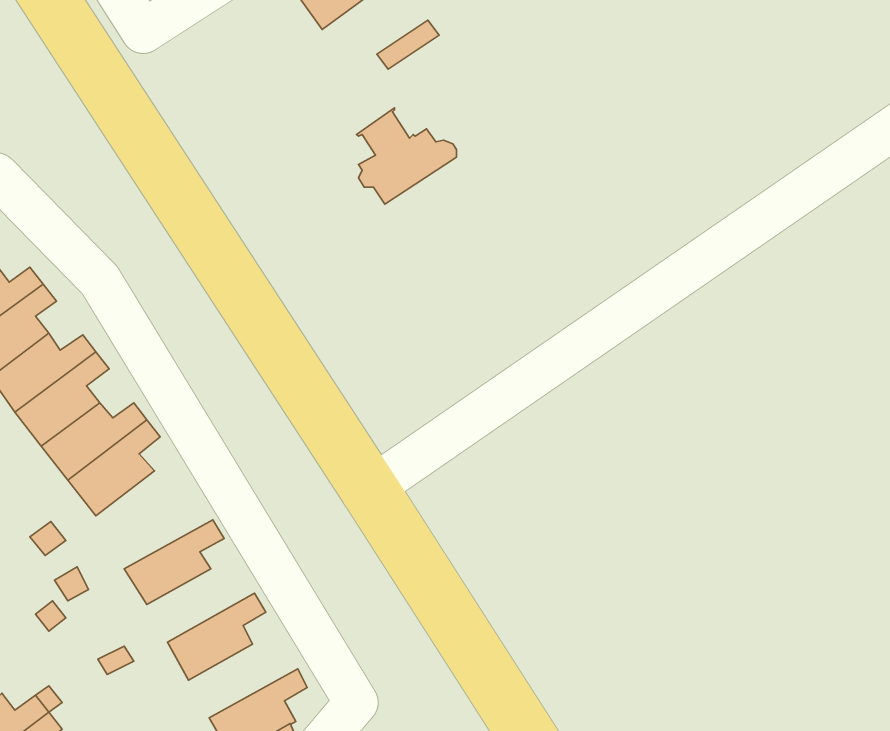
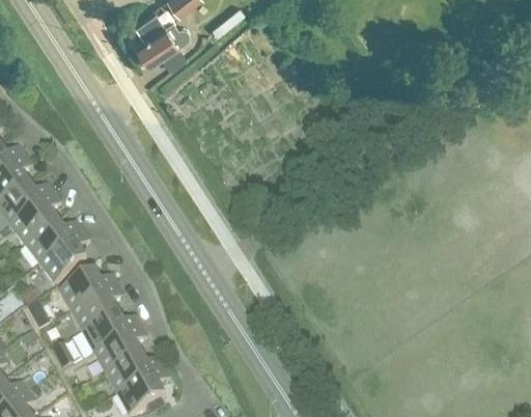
building: [357,108,457,204] -> [135,8,190,61]
building: none -> [59,272,119,313]
building: none -> [83,313,142,354]
building: none -> [106,355,166,395]

